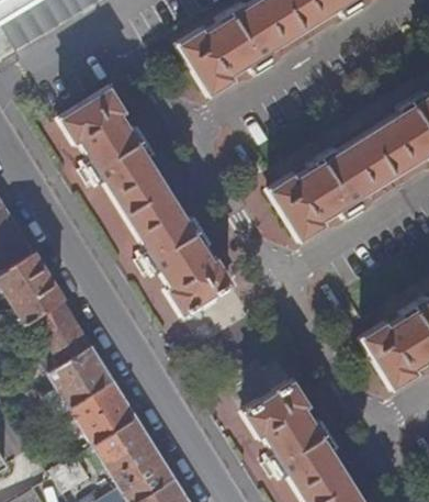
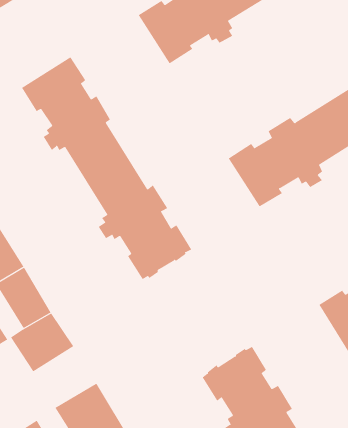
building: [71,380,136,443] -> none

